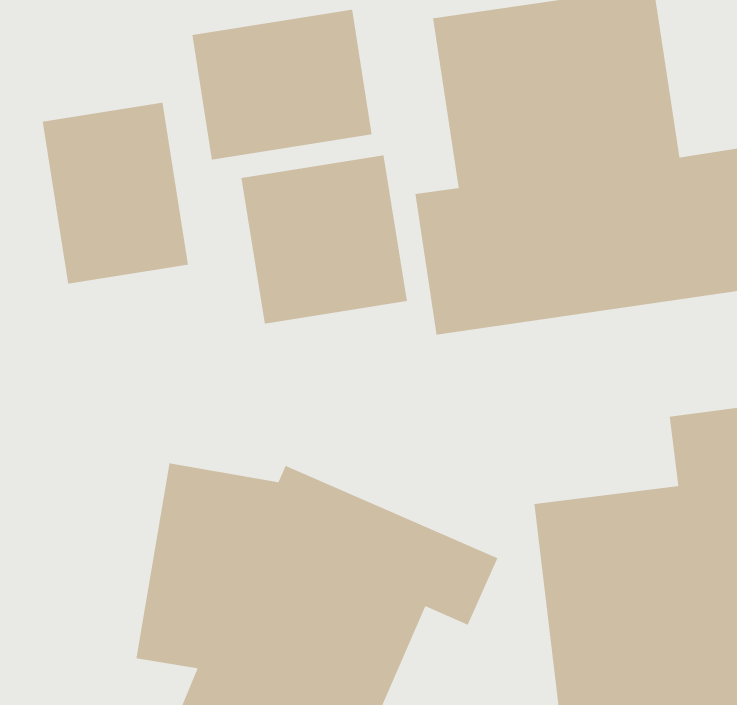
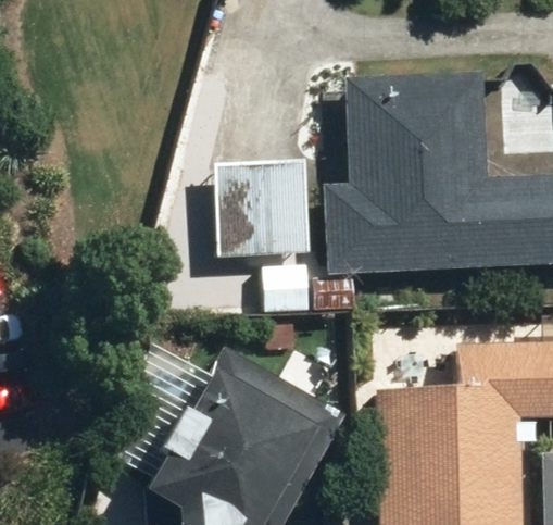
building: [191,9,373,160] -> none
building: [42,102,189,284] -> none

